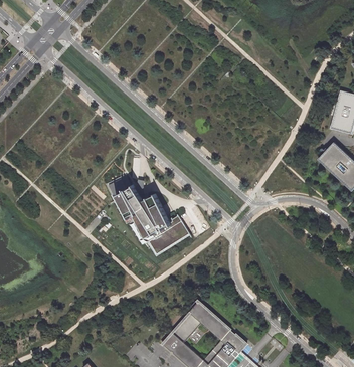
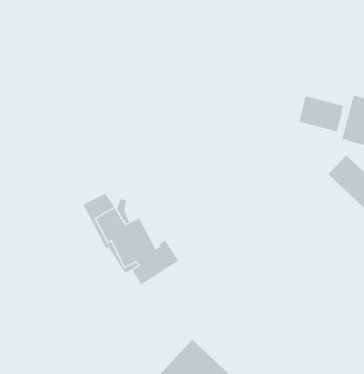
building: none -> [299,96,344,132]

